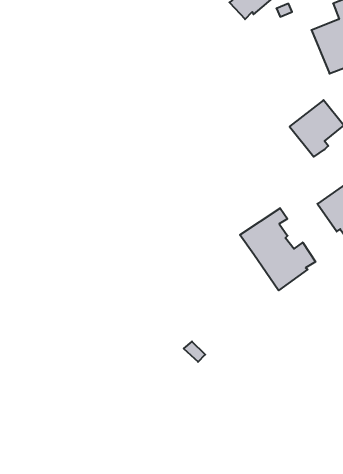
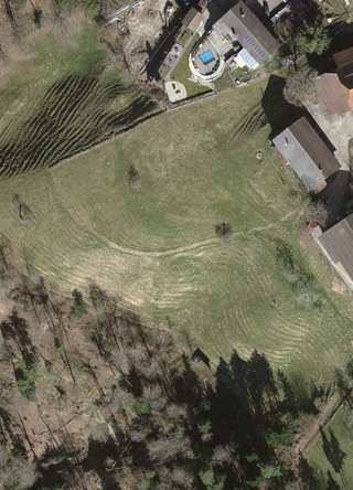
building: none -> [272,116,323,167]
building: [240,208,315,290] -> none

